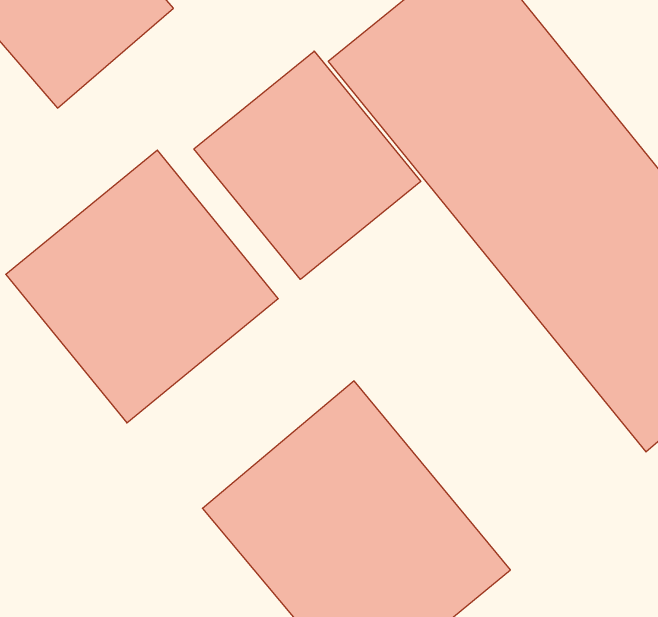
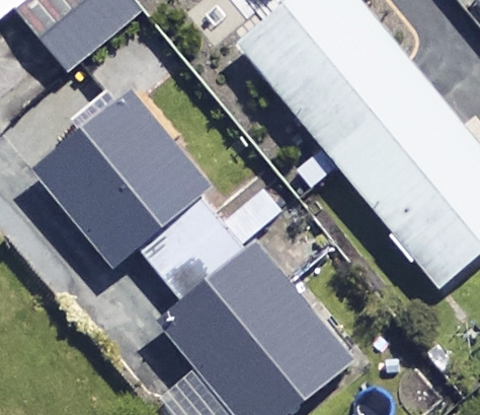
building: [194,51,421,279] -> none

